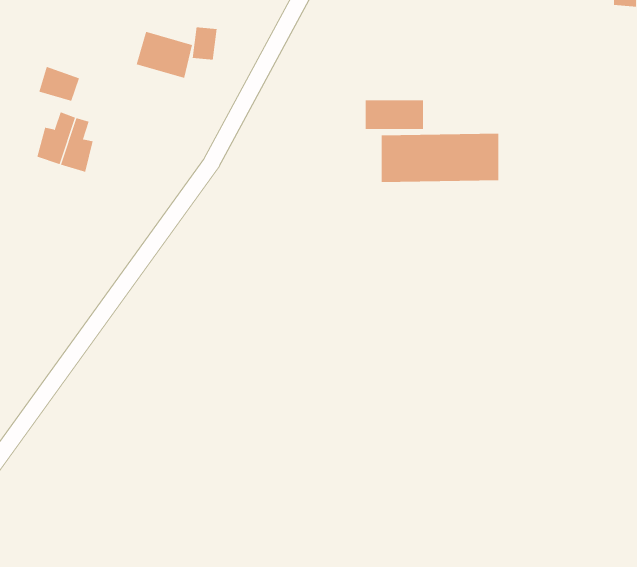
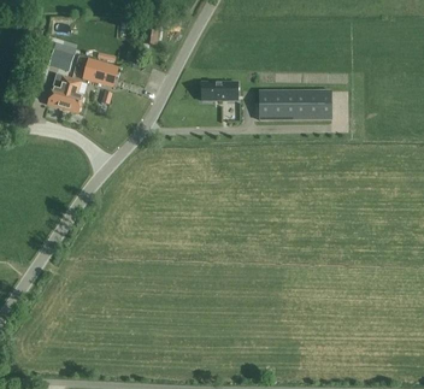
building: [136,31,193,78] -> [82,58,117,87]
building: [365,100,424,129] -> [200,82,236,100]

